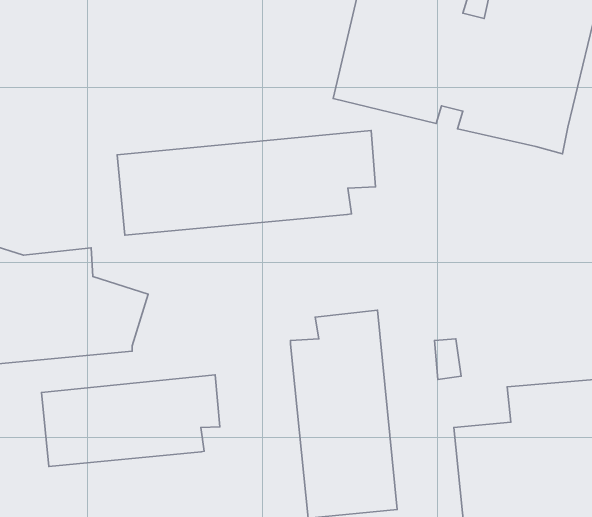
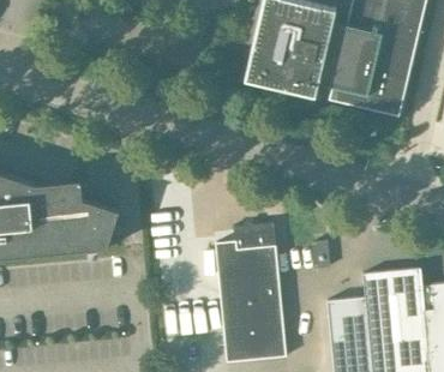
building: [117,130,375,235] -> none
building: [41,375,220,467] -> none

